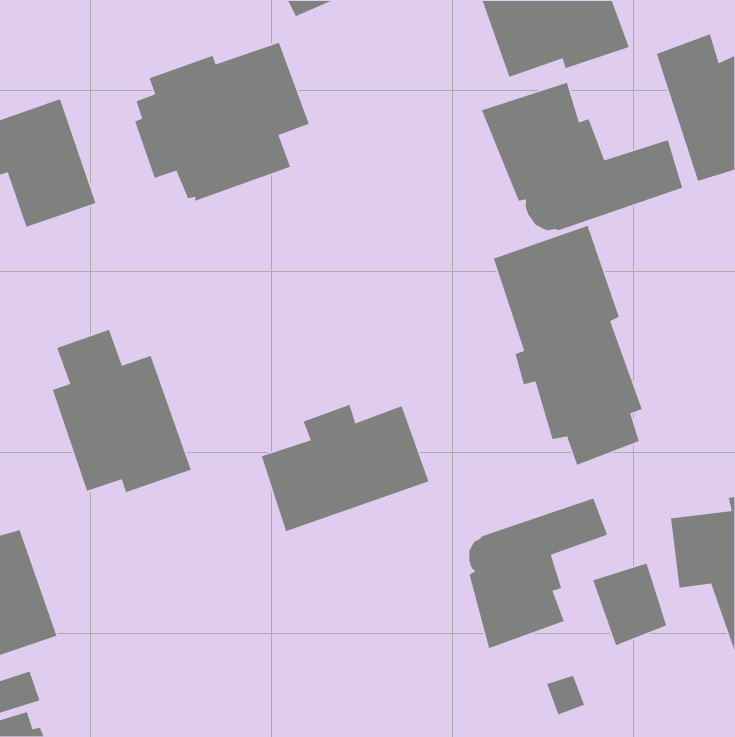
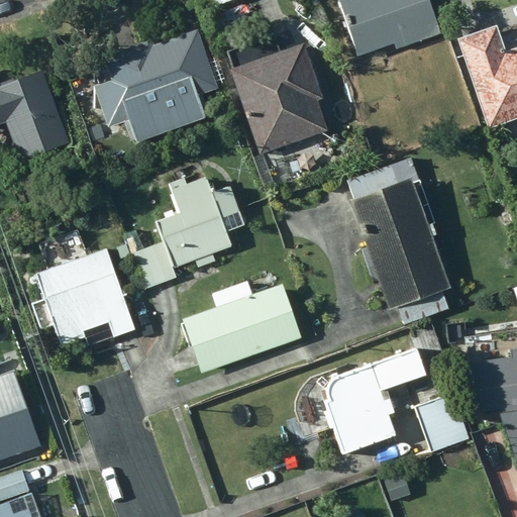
building: none -> [228,34,327,153]
building: [481,82,683,231] -> none
building: none -> [133,173,244,288]

